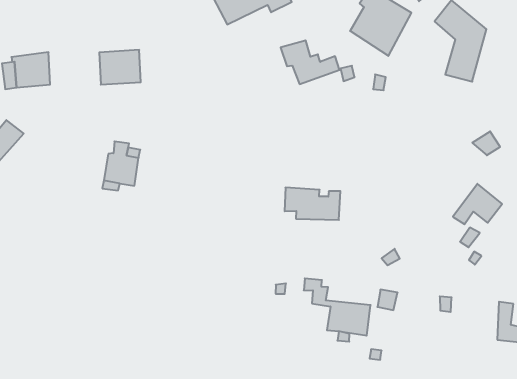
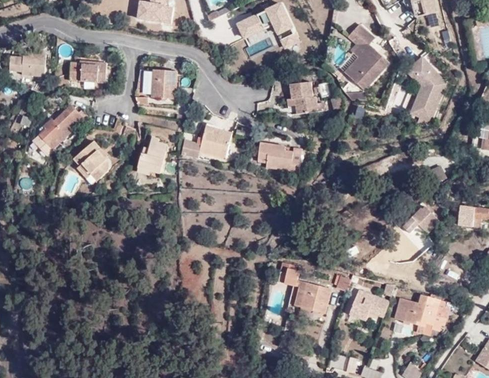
building: none -> [178,128,227,158]
building: none -> [72,140,109,180]
building: [285,188,340,220] -> [259,137,304,167]
building: none -> [398,294,430,326]
building: none -> [348,290,387,319]

